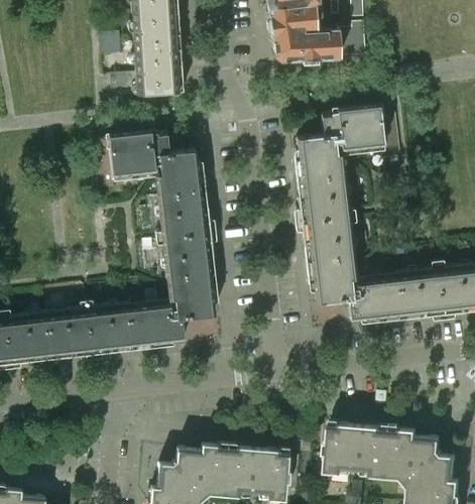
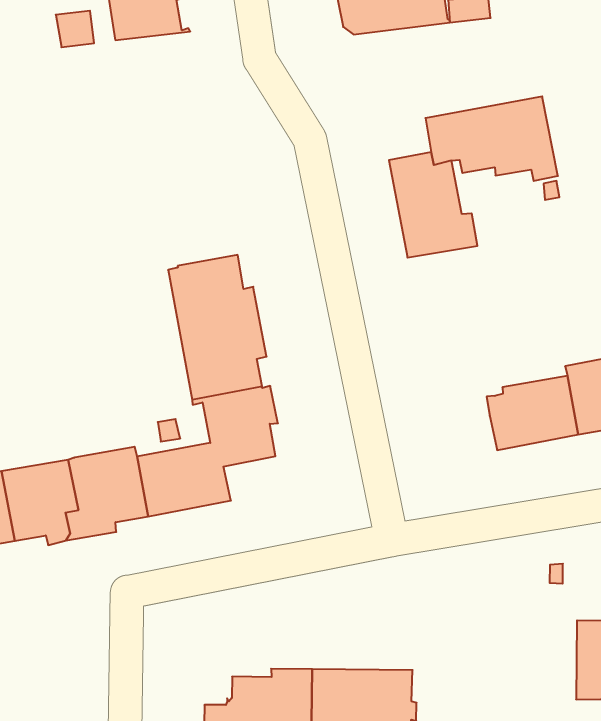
building: [110,51,187,96] -> none
building: [94,132,200,195] -> none
building: [298,196,354,304] -> none
building: [326,424,391,478] -> none

